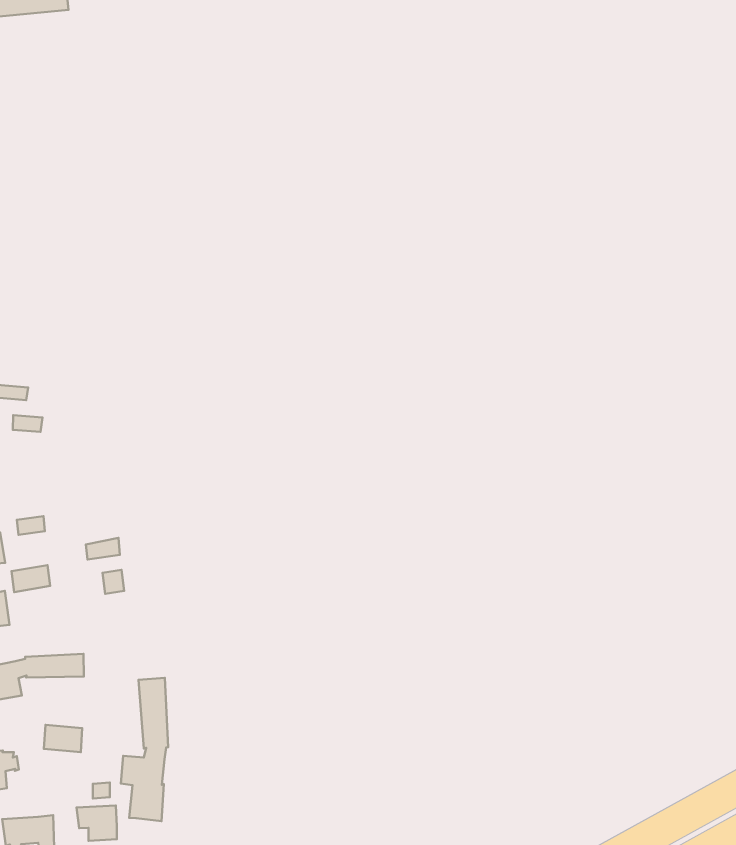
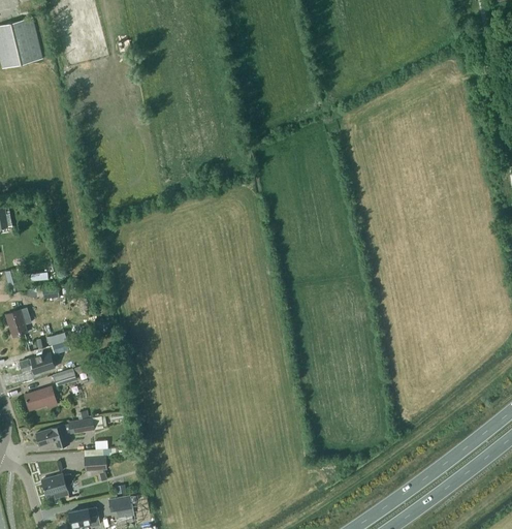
building: [121,678,168,821] -> none

